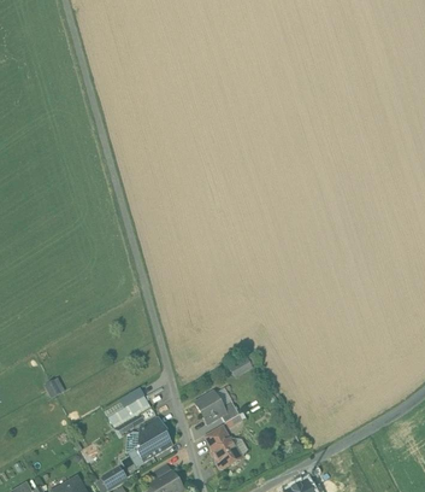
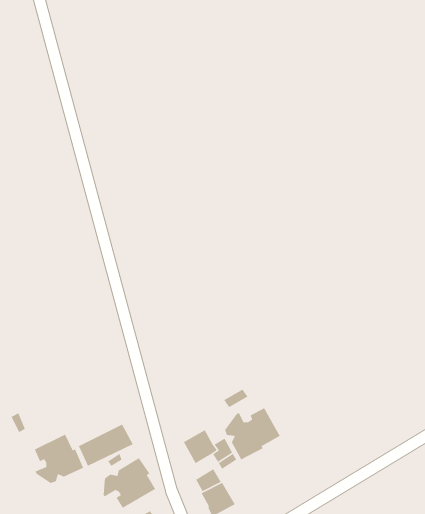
building: none -> [224,407,281,460]
building: none -> [34,434,84,484]

